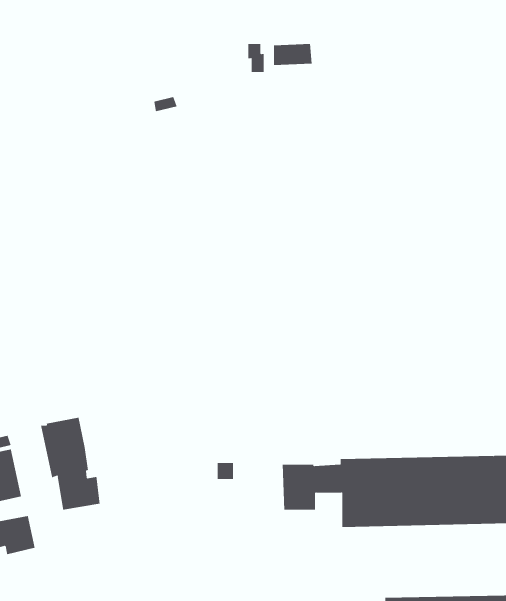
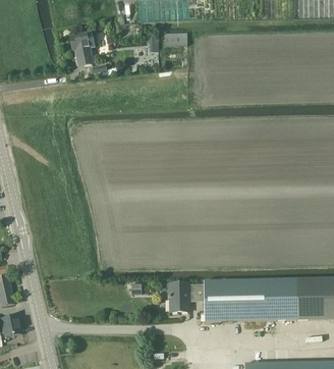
building: none -> [69,33,94,66]
building: [40,417,100,510] -> none

